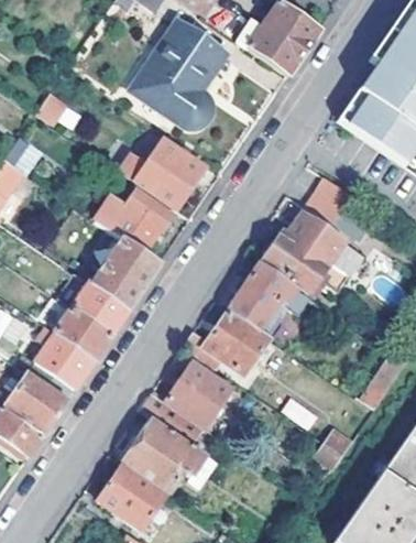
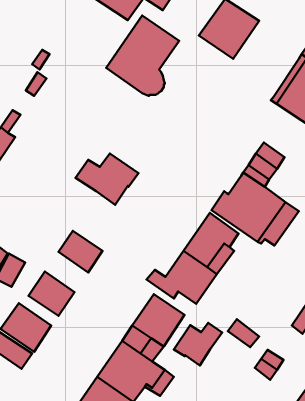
building: [119,139,205,207] -> none
building: [89,236,161,308] -> none
building: [58,309,111,359] -> none
building: none -> [174,323,222,365]

